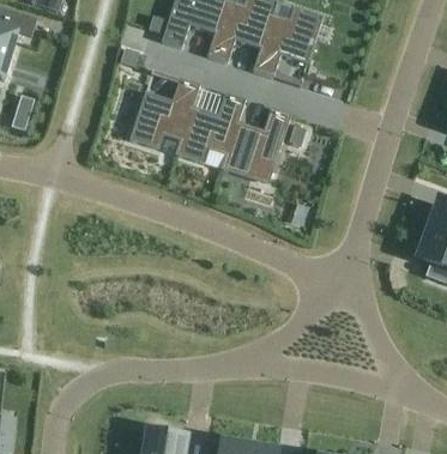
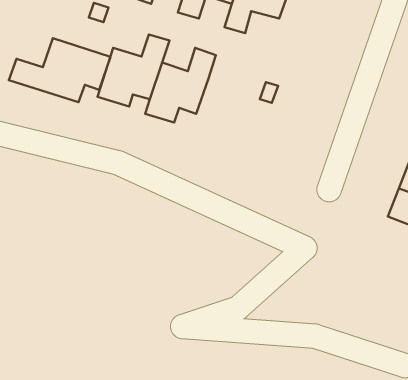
building: none -> [9,38,110,102]
building: [221,107,291,184] -> none

